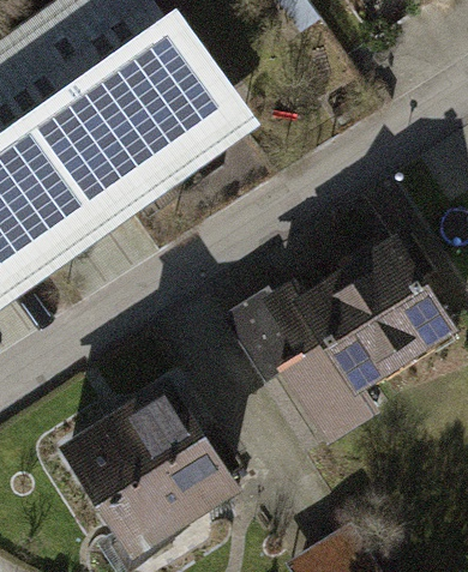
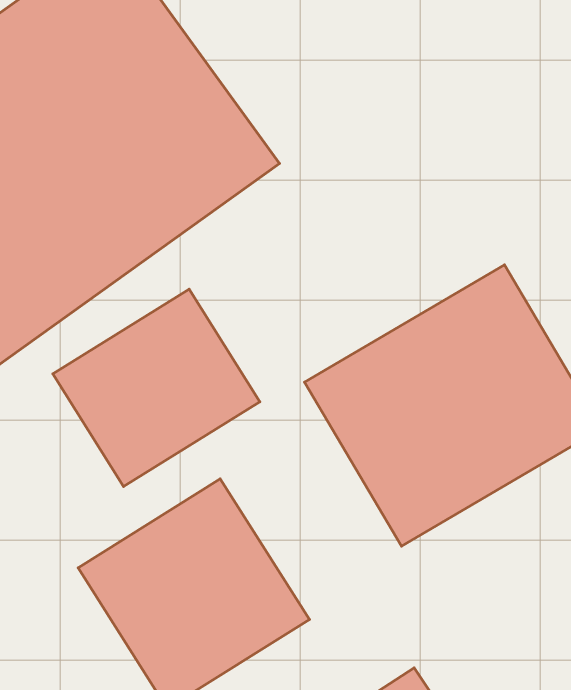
building: none -> [53,289,260,487]

